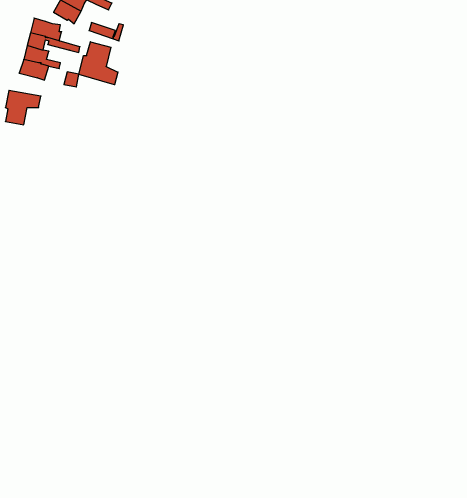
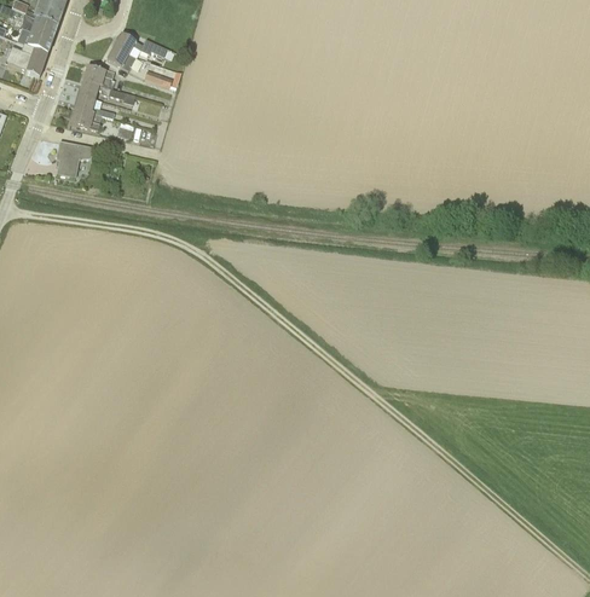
building: [79,42,118,85] -> none

